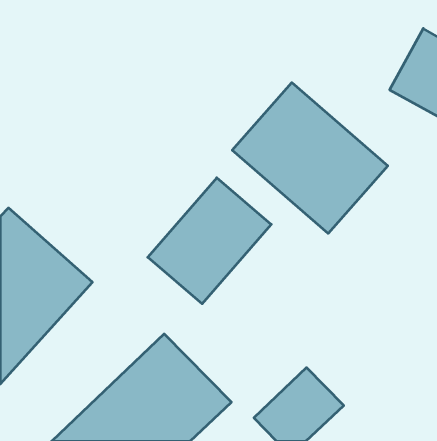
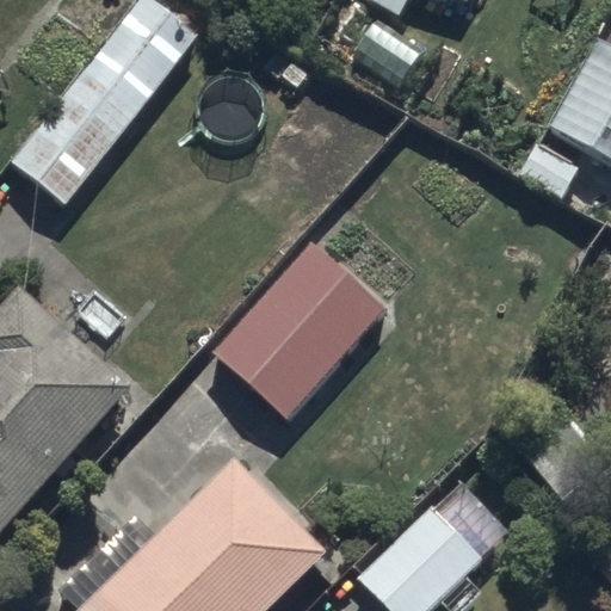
building: none -> [12,26,173,205]
building: [232,83,388,233] -> none

